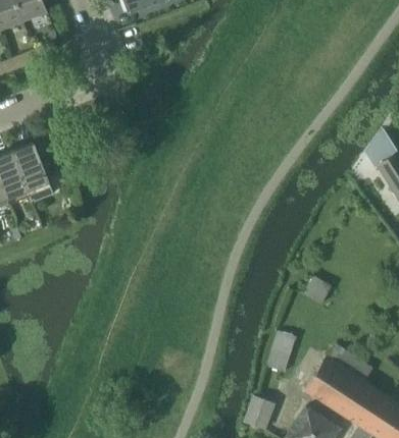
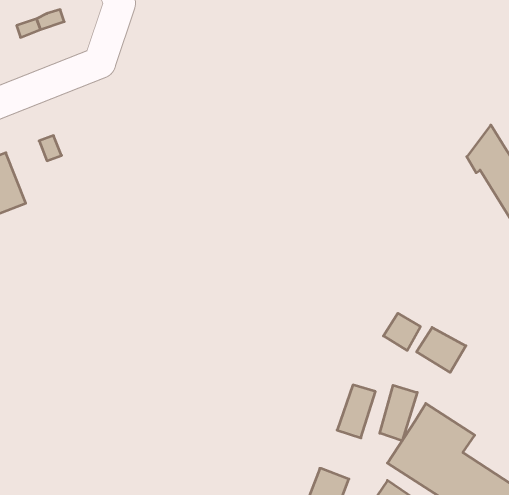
building: [11,144,52,200] -> none
building: none -> [417,327,466,372]
building: none -> [380,385,417,441]

